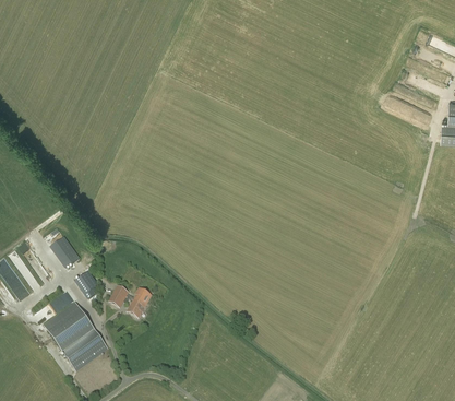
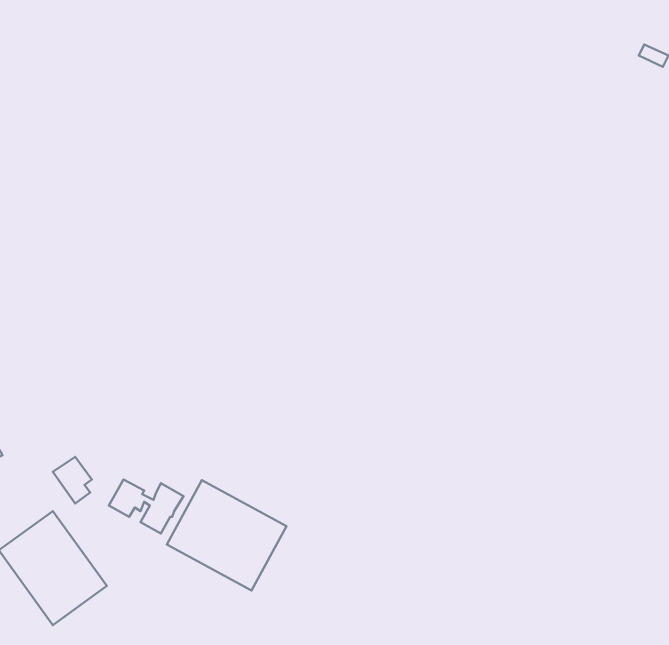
building: [49,234,80,267] -> none
building: none -> [167,480,287,591]

